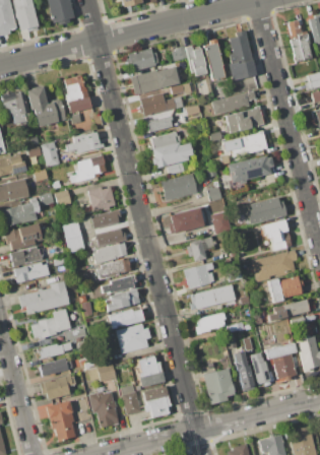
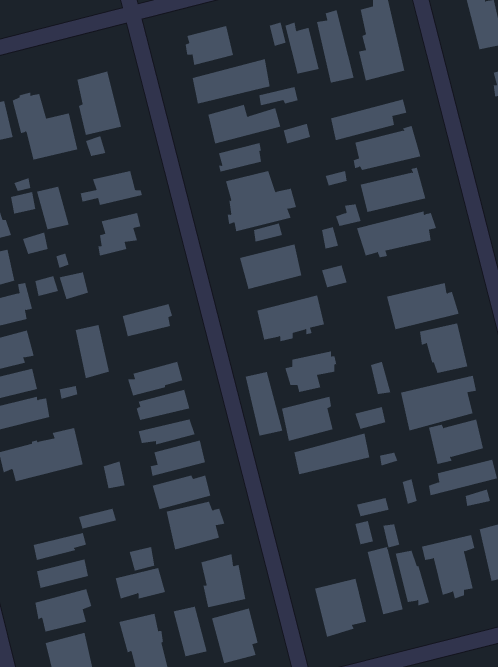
building: [90,188,115,210] -> none
building: [209,200,232,238] -> [245,371,283,436]
building: [97,228,127,247] -> none
building: [31,309,70,338] -> none
building: [196,312,226,333] -> none

